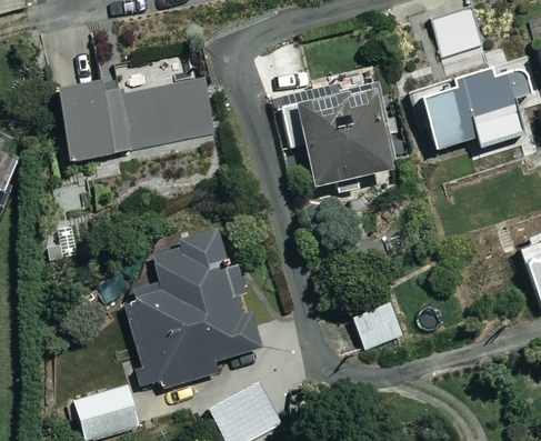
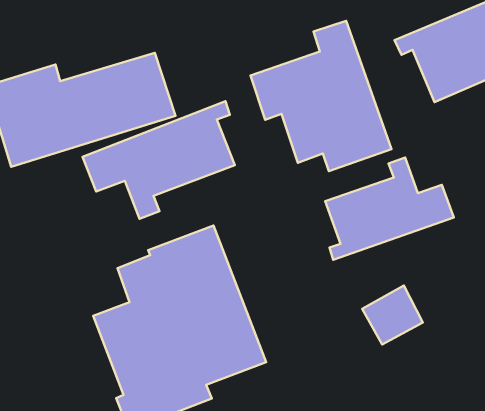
building: none -> [82,101,235,219]
building: none -> [325,157,454,260]

